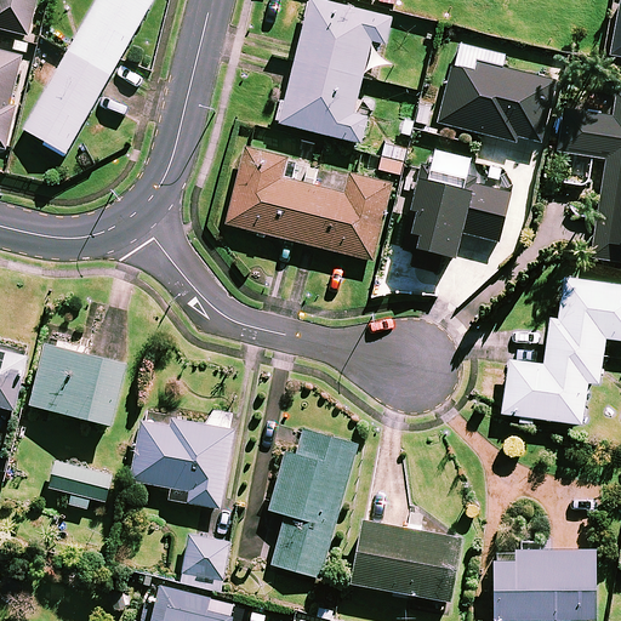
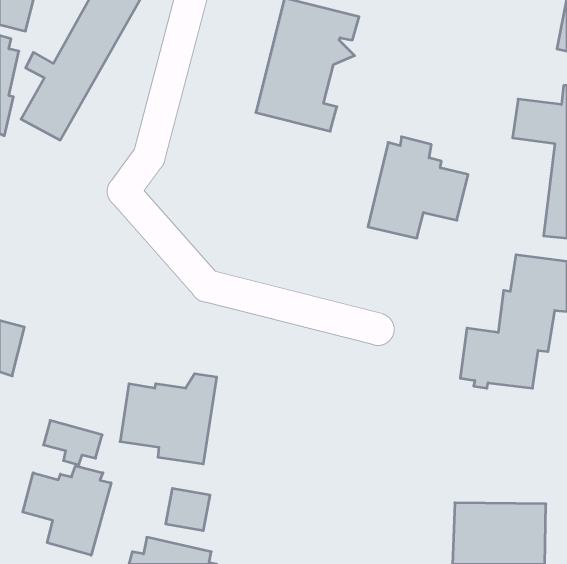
building: [439,59,554,141] -> none
building: [226,146,392,260] -> none
building: [29,343,127,427] -> none
building: [270,431,357,576] -> none
building: none -> [23,466,111,555]
building: [352,520,461,602] -> none

